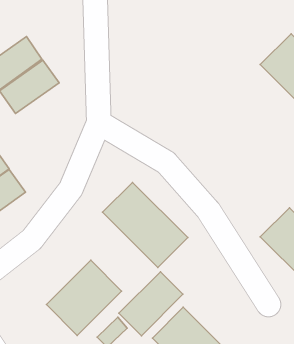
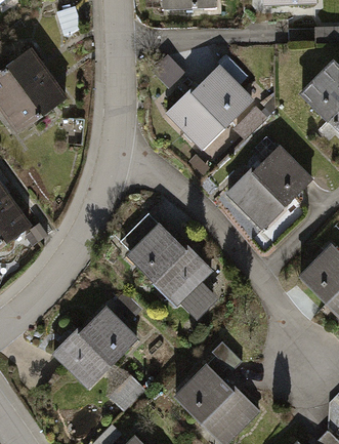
building: none -> [172,68,255,150]
building: none -> [227,146,310,229]
building: [119,272,183,336] -> none

